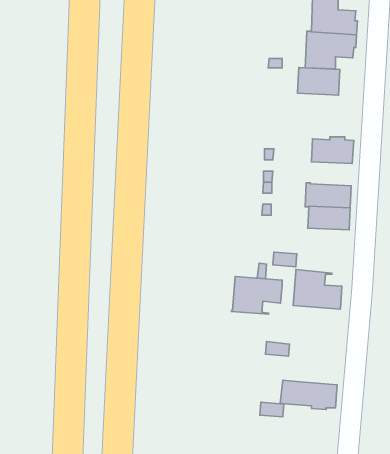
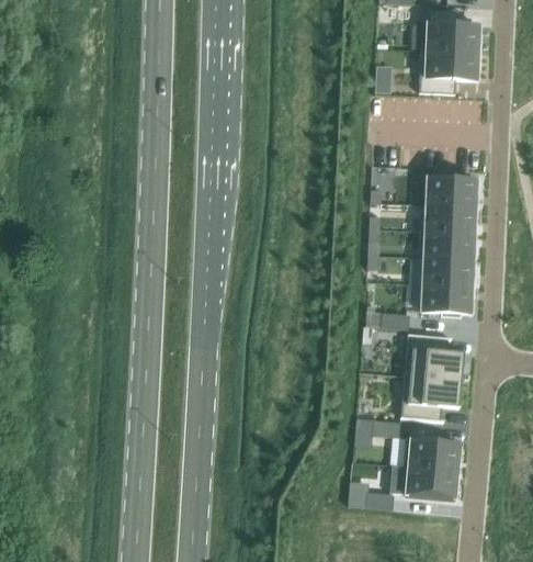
building: [297,68,340,95] -> none
building: none -> [426,204,475,233]
building: none -> [421,283,472,315]
building: [232,276,282,314] -> [400,375,461,420]
building: none -> [404,437,460,470]

